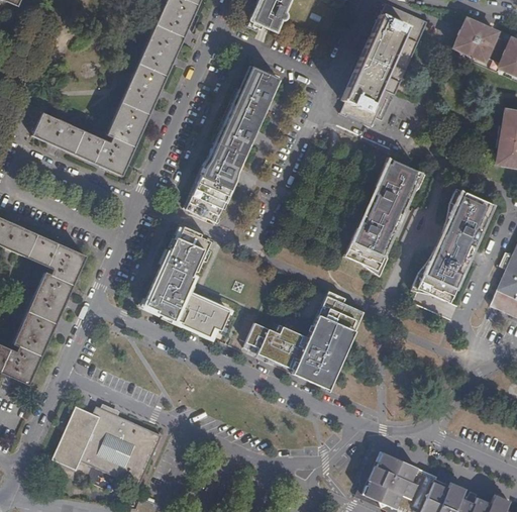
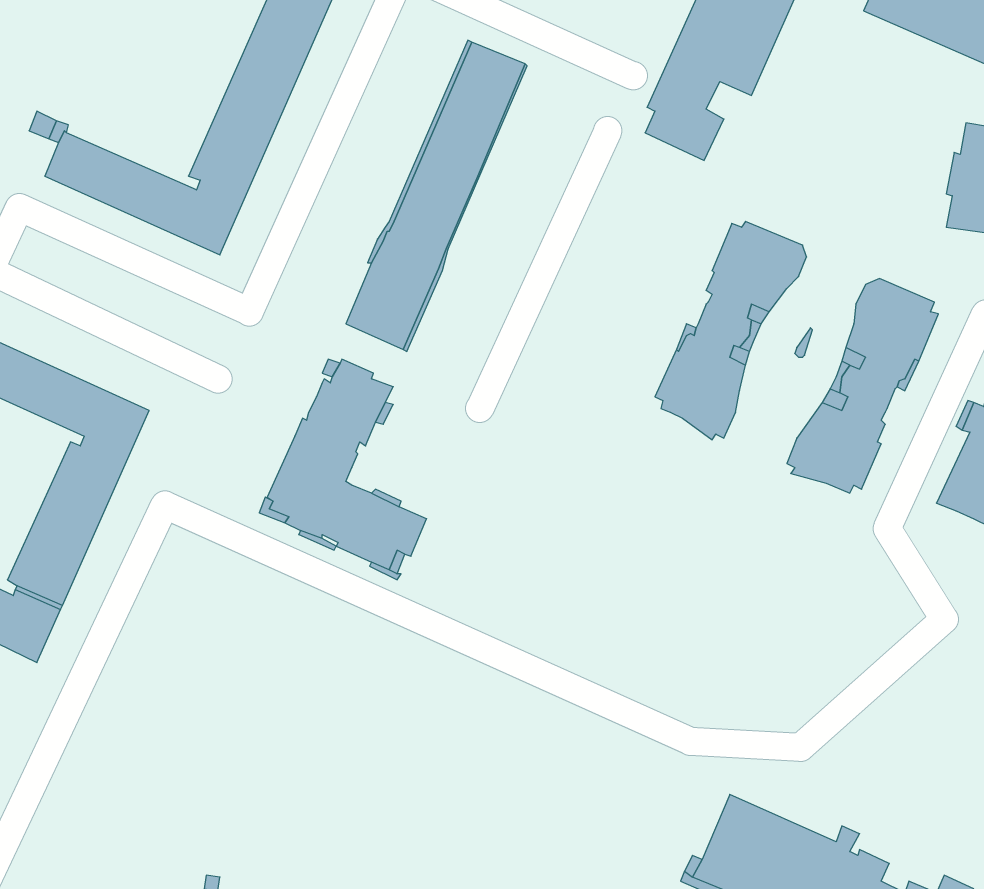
building: [242,294,363,391] -> none
building: [53,406,162,486] -> none

